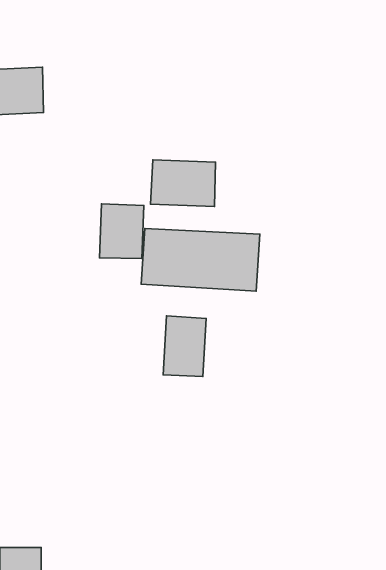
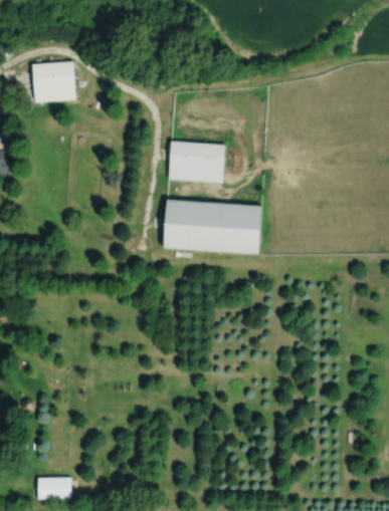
building: [100,204,144,258] -> none
building: [163,316,206,377] -> none

